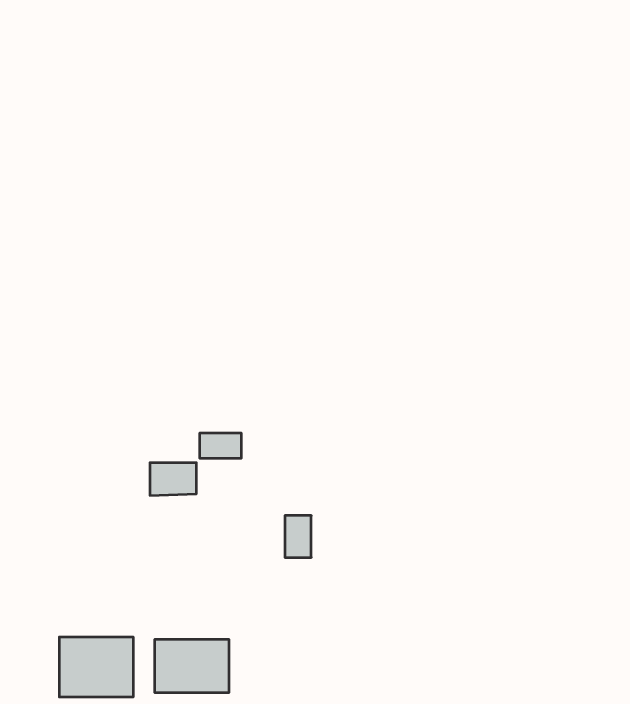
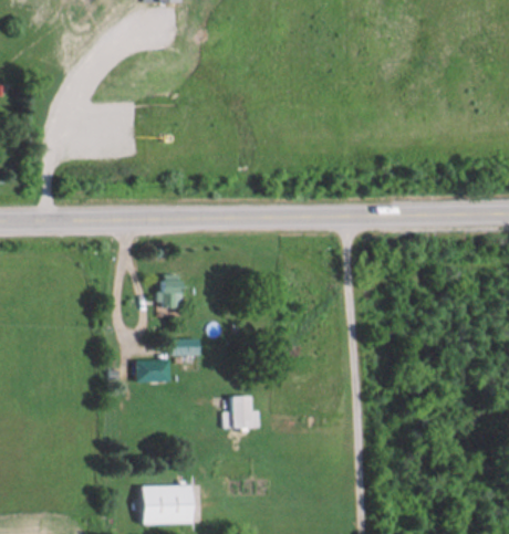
building: none -> [159,276,183,310]
building: [59,637,133,697] -> none

